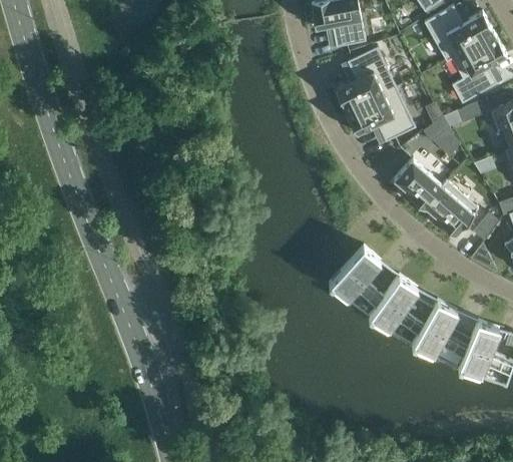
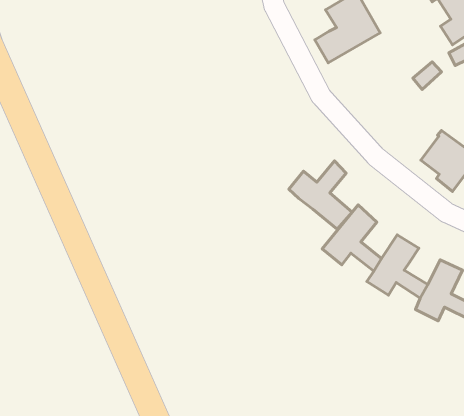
building: [347,87,417,142] -> none
building: [394,158,444,211] -> none
building: none -> [289,161,352,229]

